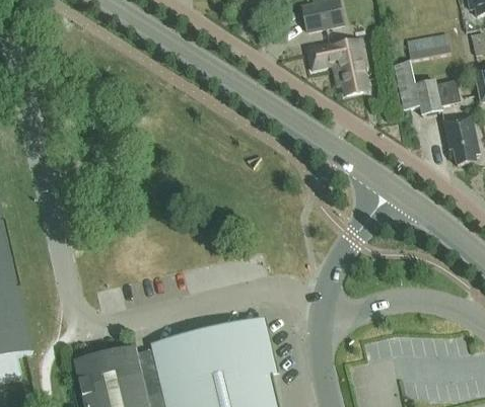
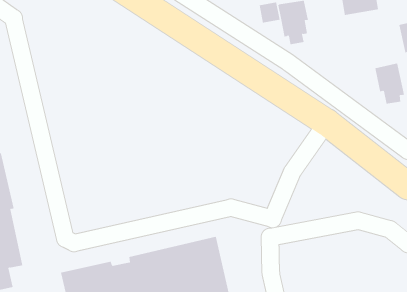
building: [395,60,460,115] -> none

